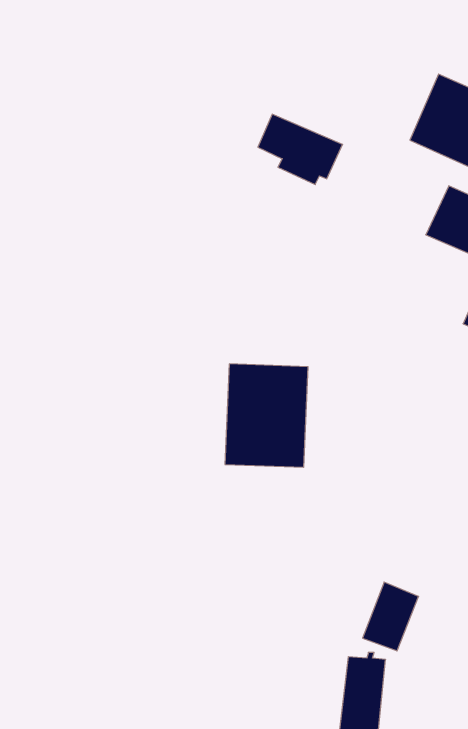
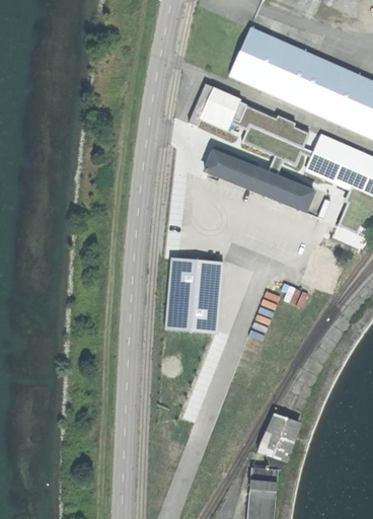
building: none -> [231,27,315,101]
building: none -> [205,149,313,210]

